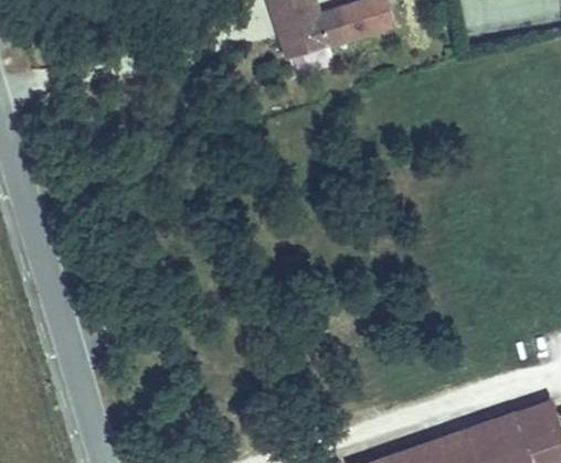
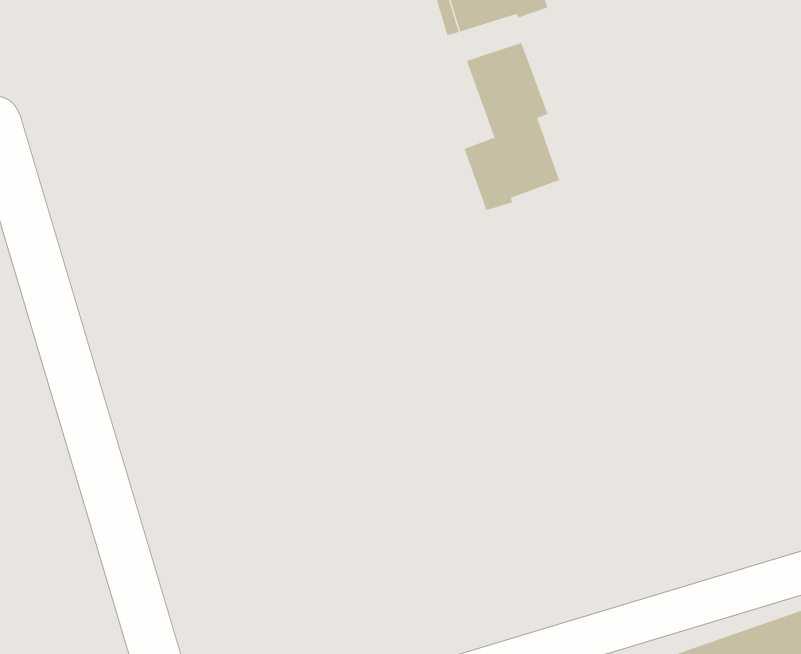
building: none -> [464,42,560,211]

